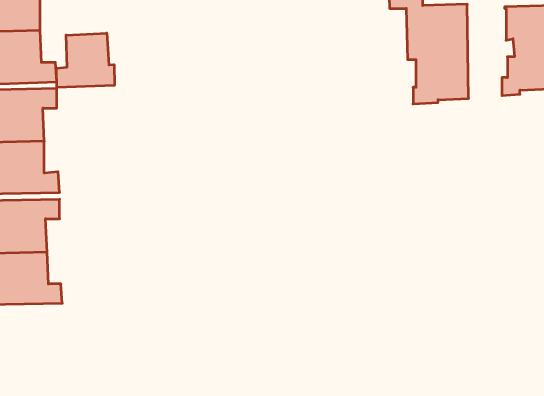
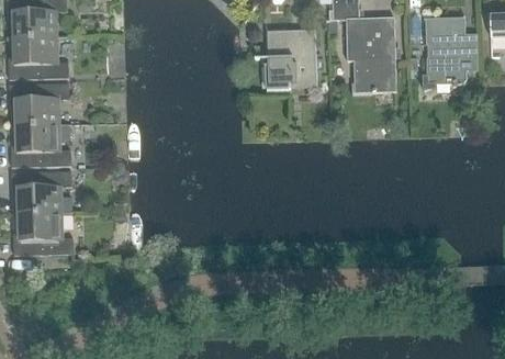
building: none -> [263,30,316,89]
building: [57,33,114,88] -> none

